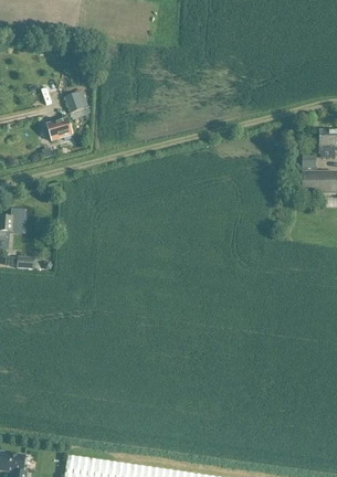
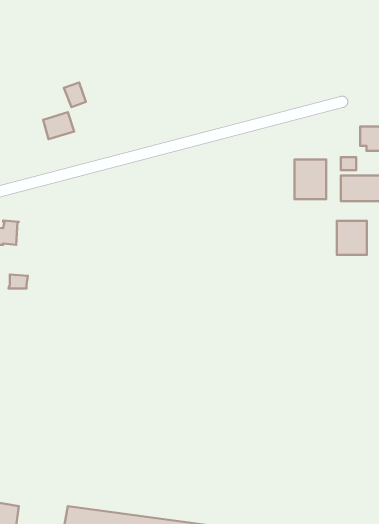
building: none -> [294,160,326,199]
building: none -> [337,221,367,255]

